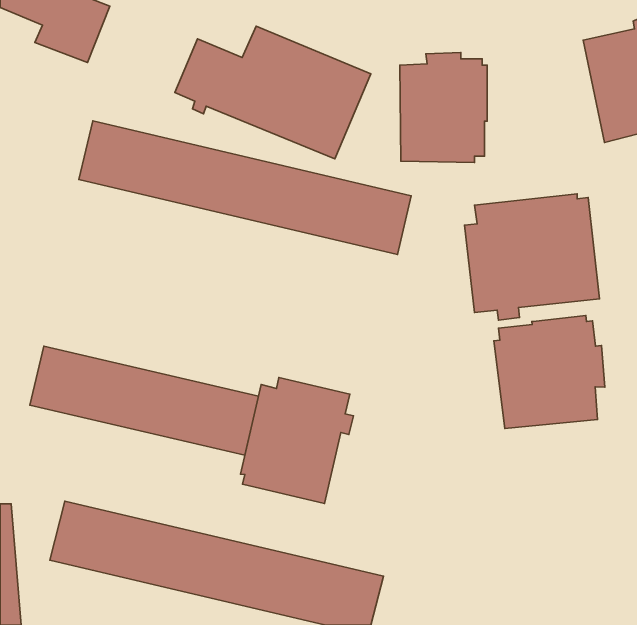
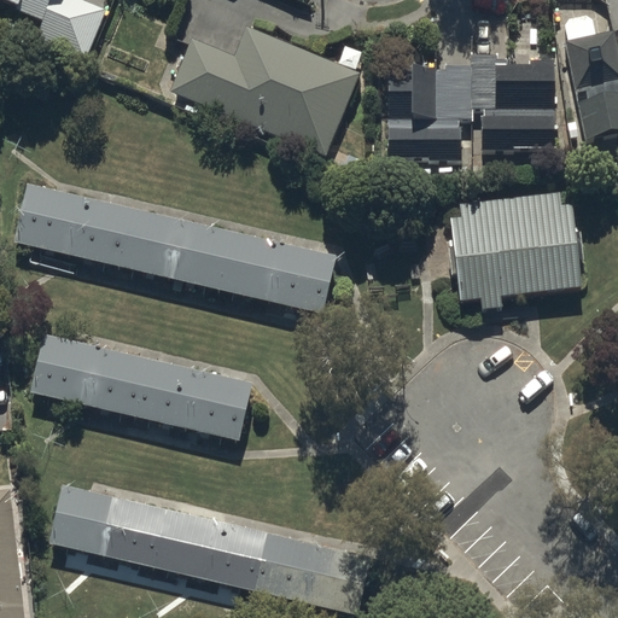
building: none -> [473,52,555,147]
building: [79,121,411,255] -> [14,183,336,313]
building: [494,315,605,428] -> none
building: [241,377,353,503] -> none

